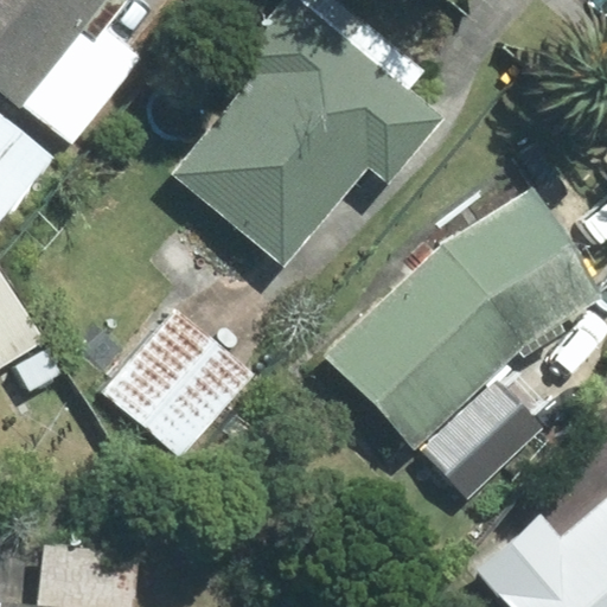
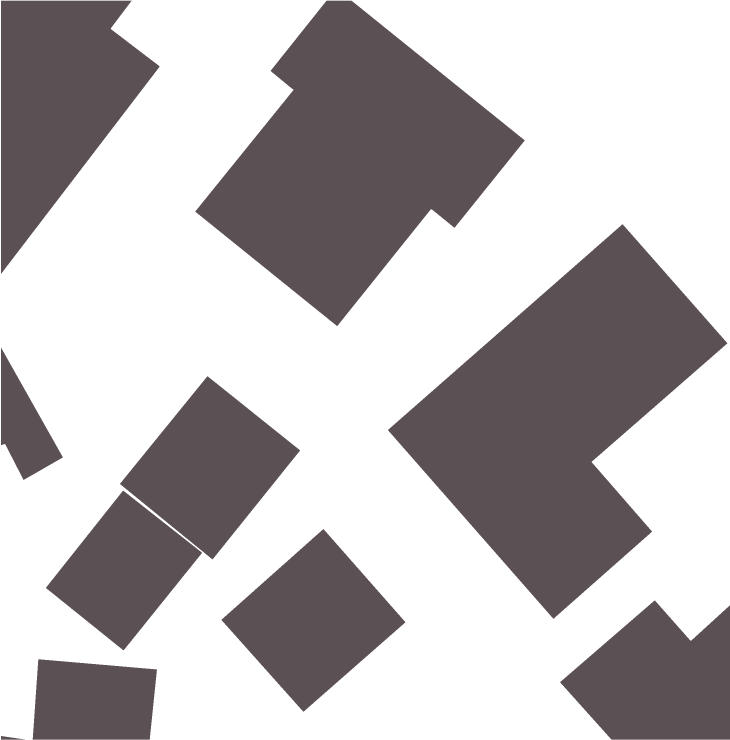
building: none -> [45,489,203,651]
building: none -> [220,528,406,713]

